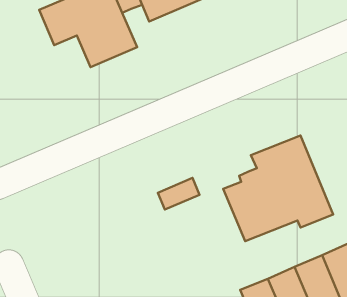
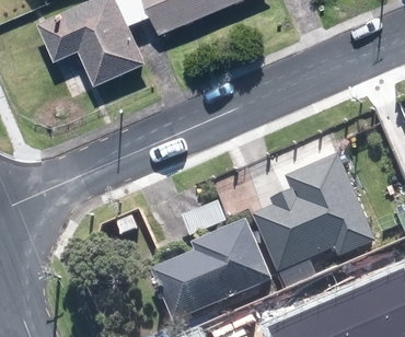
building: none -> [147,220,269,323]

